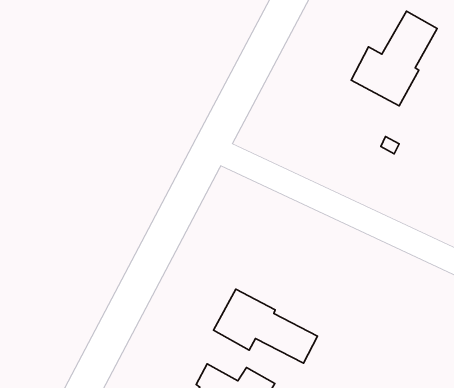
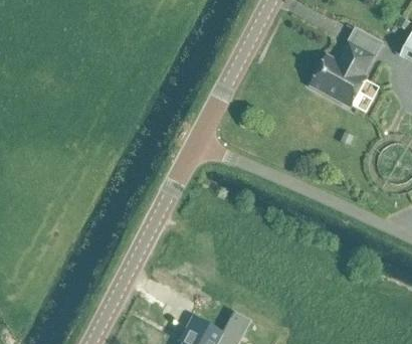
building: [213,289,317,363] -> none

